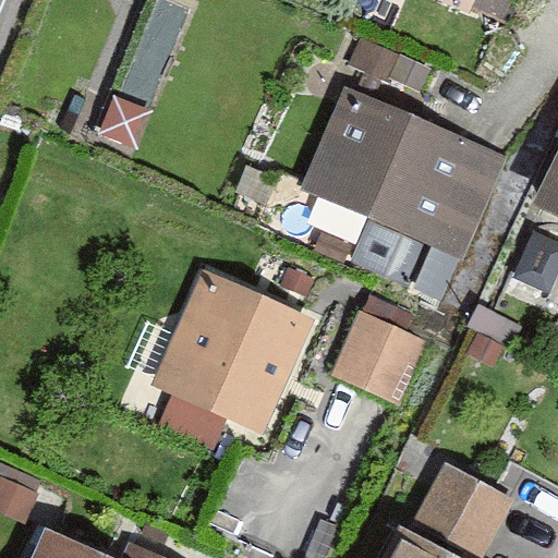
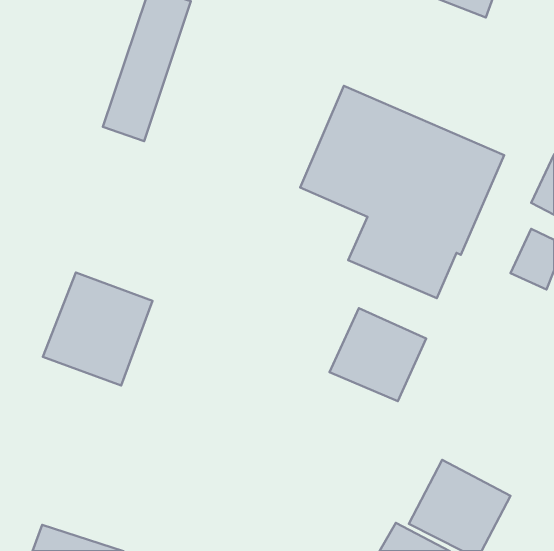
building: none -> [43,272,152,385]
building: [147,279,307,436] -> none

